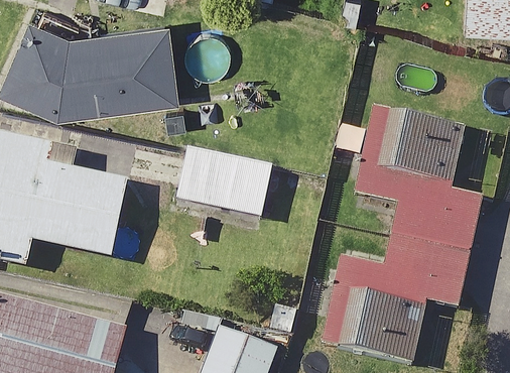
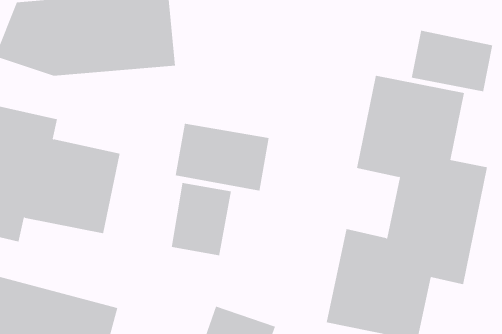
building: none -> [411,30,493,92]
building: none -> [171,182,231,256]

